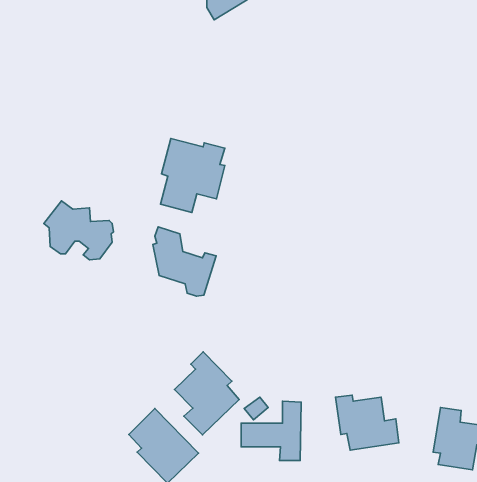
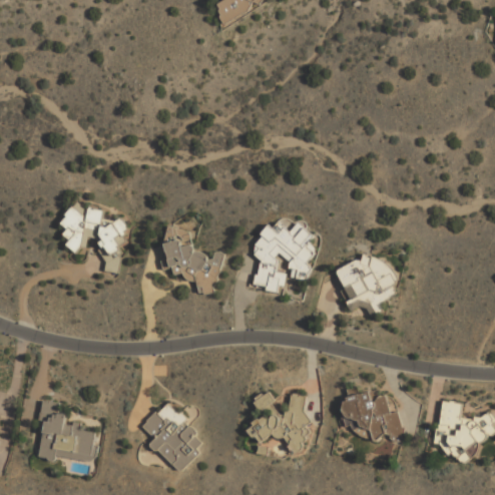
building: [161,139,225,212] -> [253,221,315,293]
building: none -> [333,250,400,319]
building: [174,352,239,435] -> none
building: none -> [37,401,97,462]

